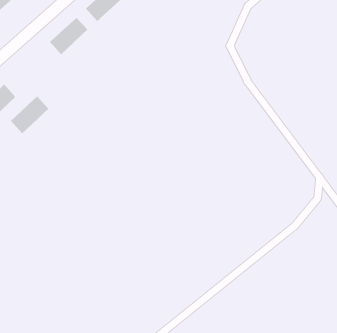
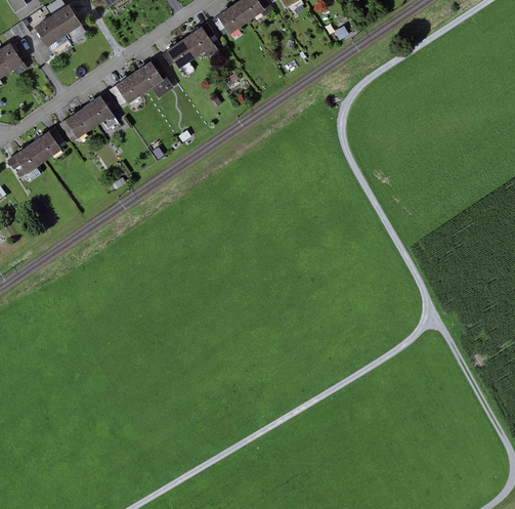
building: [10,95,49,134] -> [65,94,115,139]

